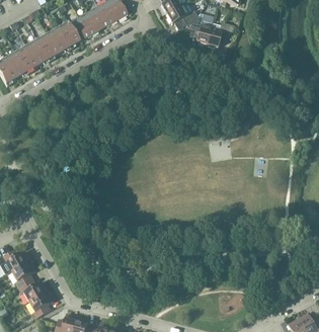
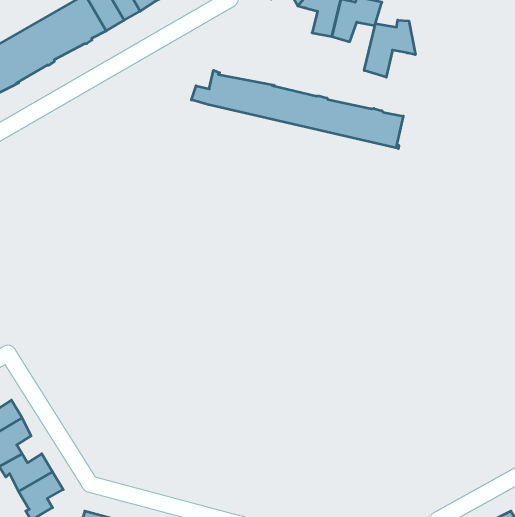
building: none -> [364,20,415,77]
building: none -> [191,70,403,149]

